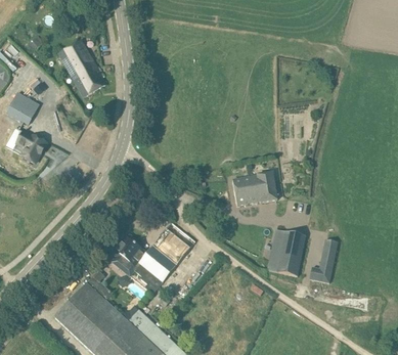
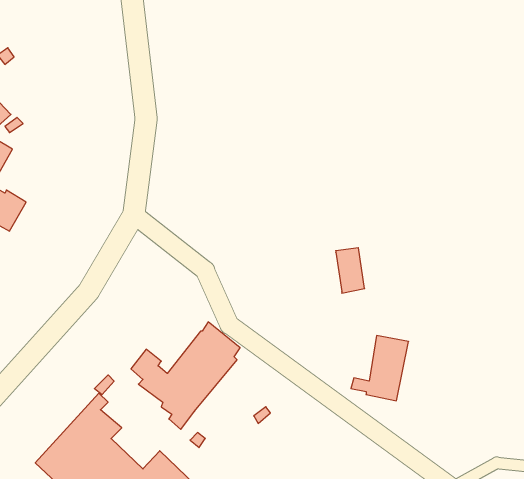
building: [57,39,105,96] -> none
building: [232,174,261,205] -> none
building: [309,238,338,281] -> none

